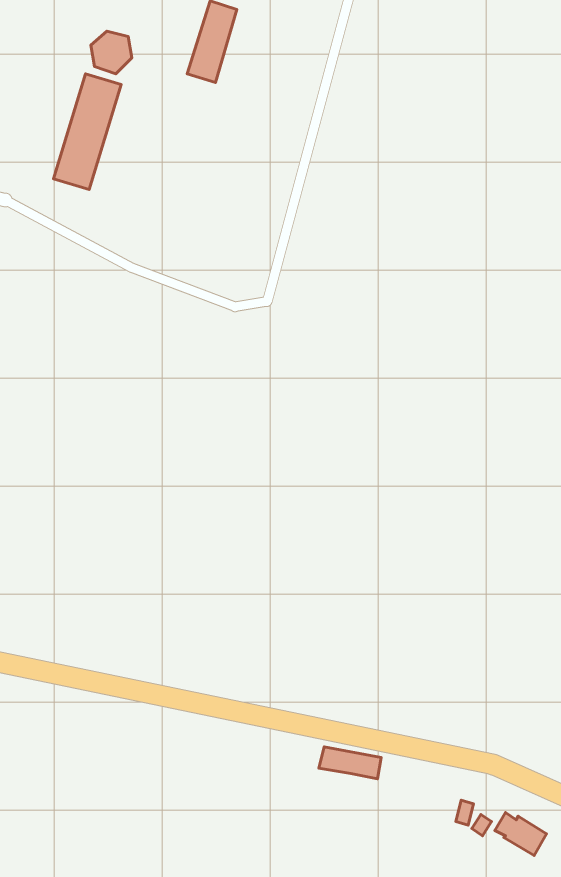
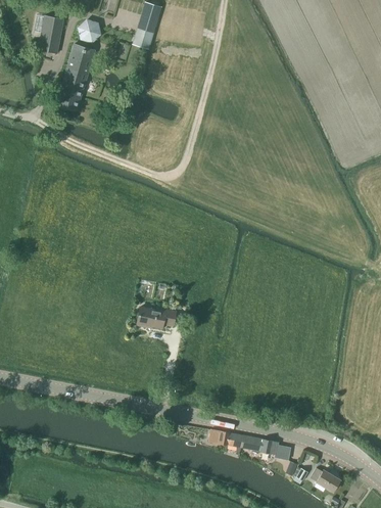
building: none -> [38,15,63,52]
building: none -> [136,306,176,327]
building: none -> [242,435,290,459]

